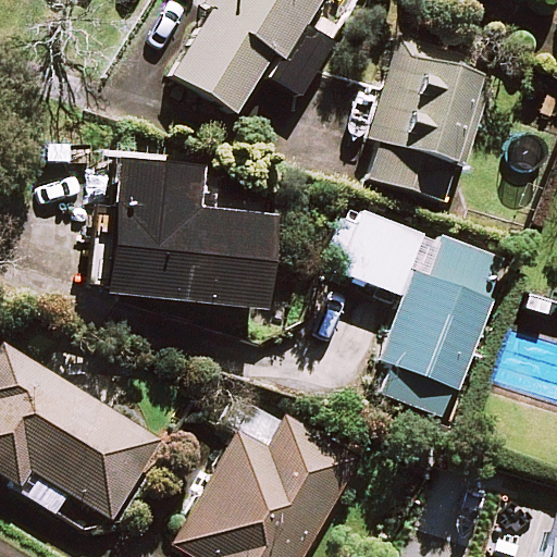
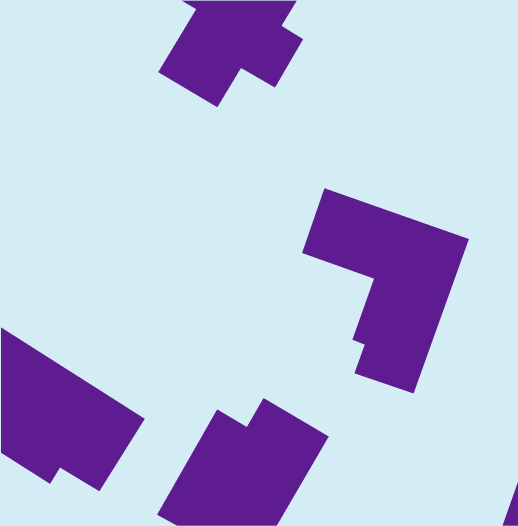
building: [367,46,491,209] -> none
building: [101,159,267,306] -> none

